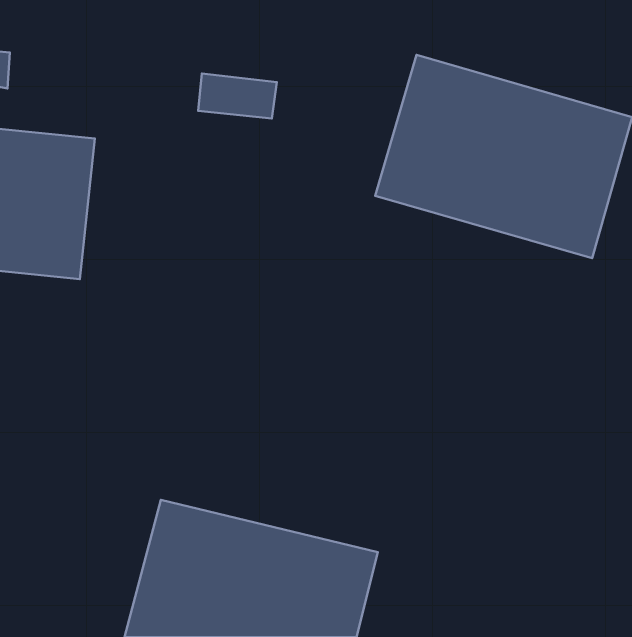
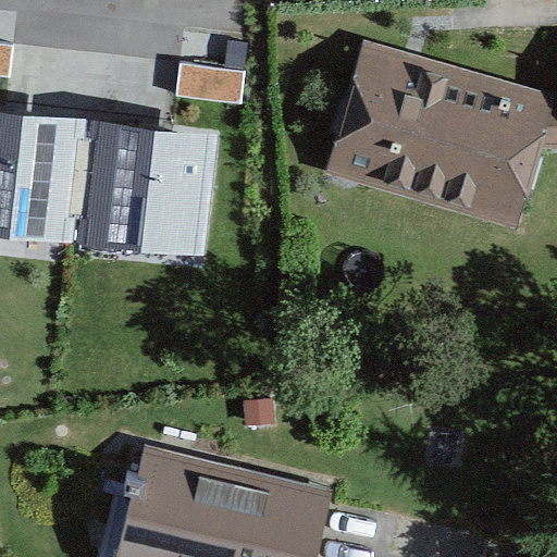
building: none -> [75,123,216,259]

